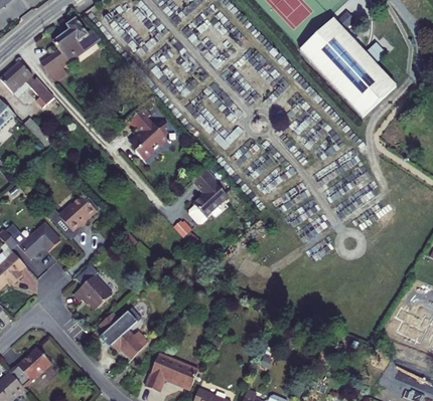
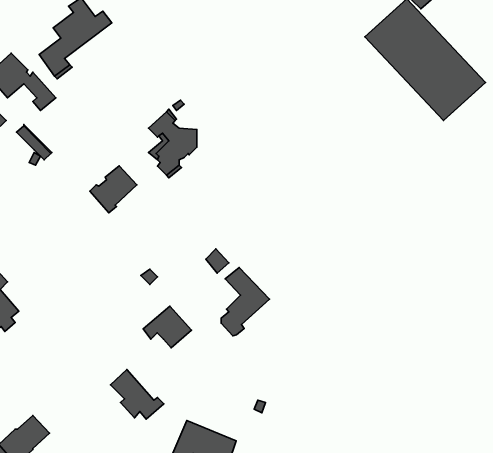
building: [189,170,228,224] -> [221,267,270,336]
building: [58,195,96,232] -> [90,166,137,213]
building: [20,223,60,257] -> none
building: [74,275,112,309] -> [143,306,192,348]

